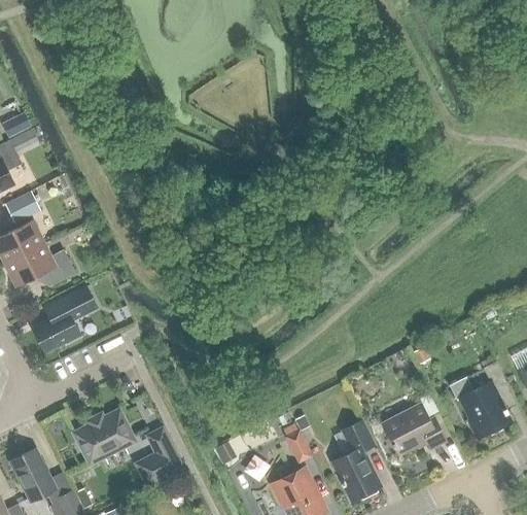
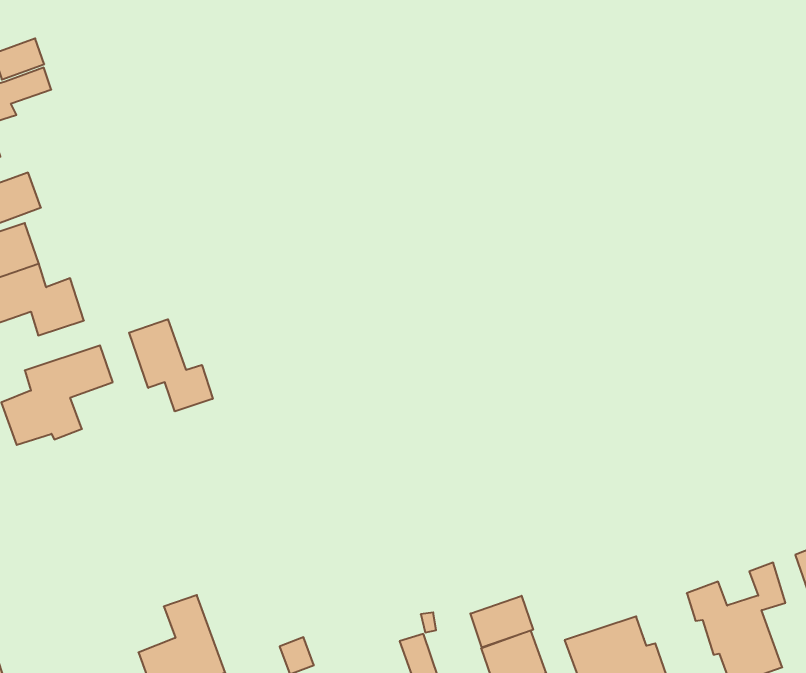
building: none -> [129,319,213,411]
building: none -> [470,596,533,647]
building: [75,411,134,462] -> none

